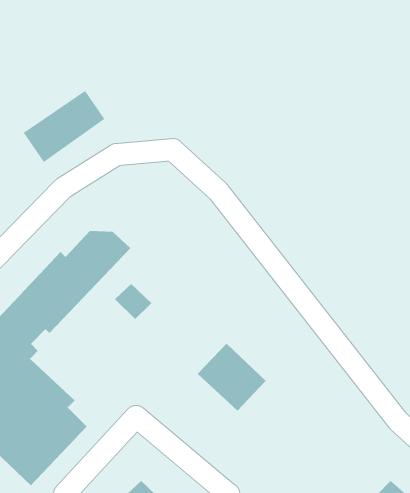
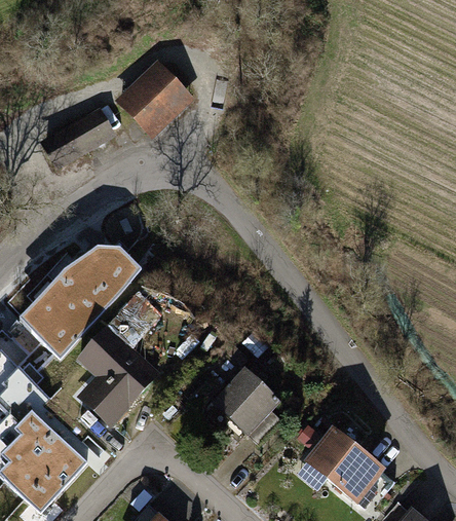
building: none -> [112,51,202,142]
building: none -> [77,331,162,429]
building: none -> [299,430,380,509]

